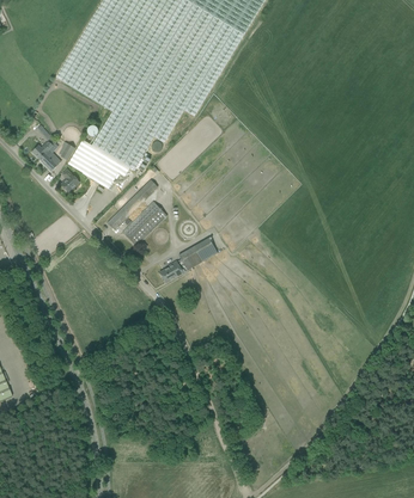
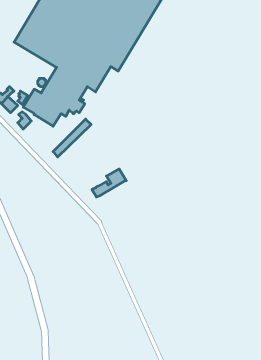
building: [123,201,166,244] -> none

